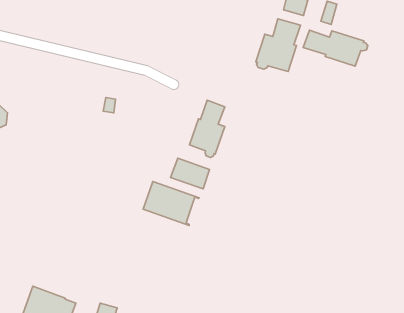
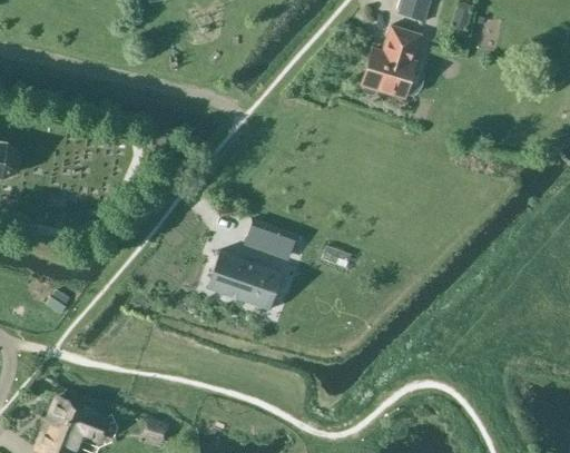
building: [303,30,368,66] -> none
building: [190,100,225,158] -> none

